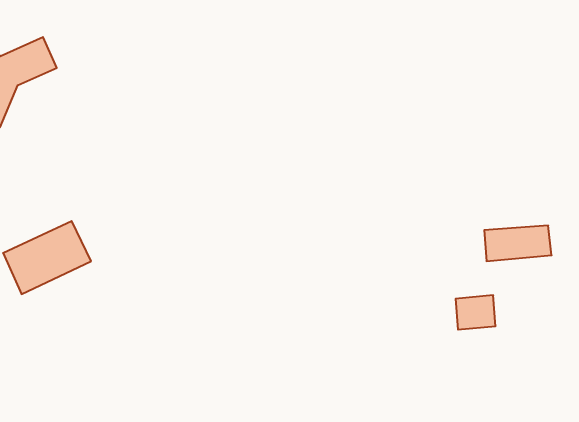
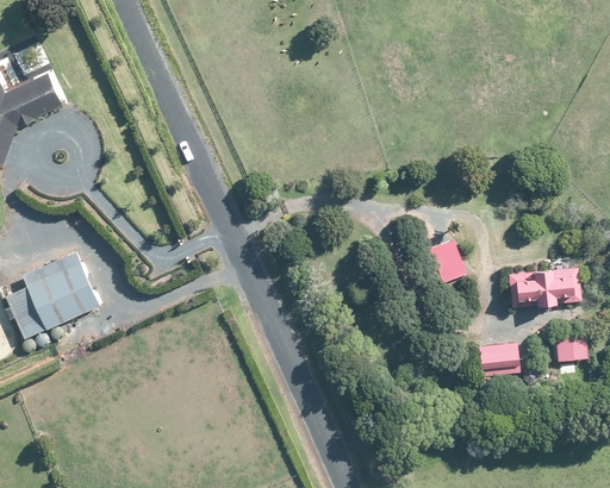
building: none -> [429,237,468,281]
building: none -> [556,336,587,359]

